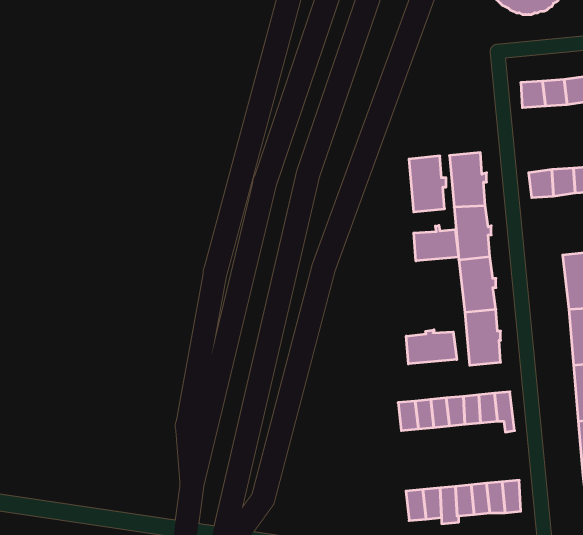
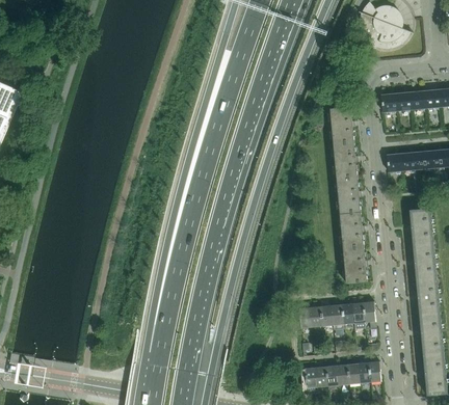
building: [409,156,446,212] -> [331,106,355,143]
building: [414,225,458,261] -> none
building: [406,330,457,364] -> none

